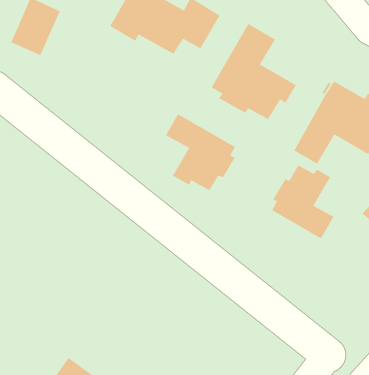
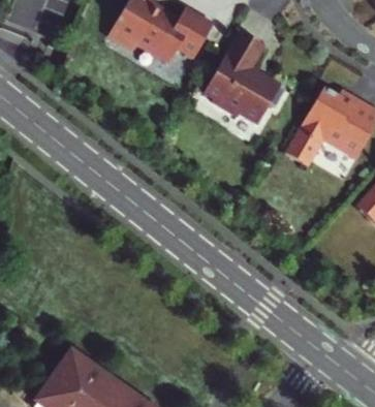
building: [165,113,236,191] -> none
building: [271,165,334,239] -> none

